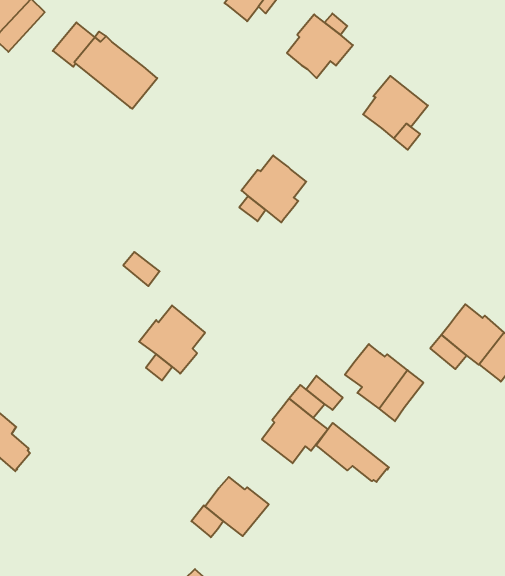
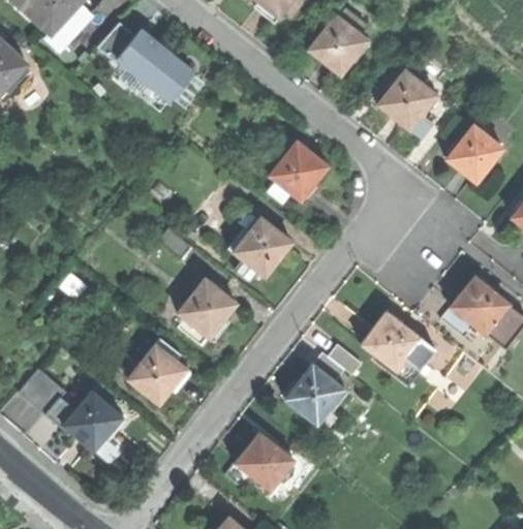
building: none -> [449,123,503,181]
building: none -> [228,216,289,280]
building: none -> [130,344,189,401]
building: [316,423,389,482] -> none
building: none -> [64,391,125,452]

